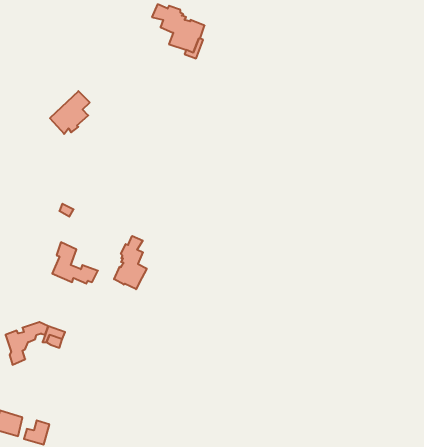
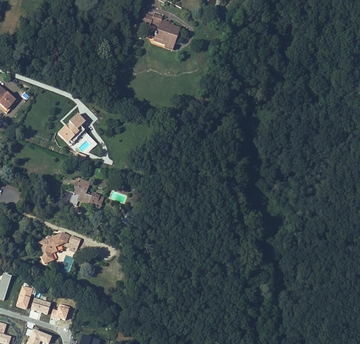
building: [50,91,90,134] -> [58,114,86,144]
building: [114,236,147,289] -> none

